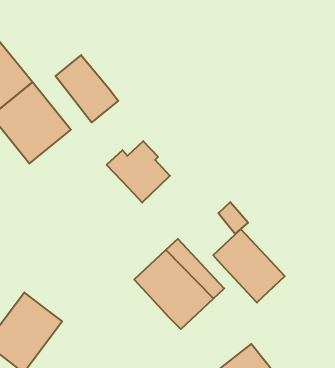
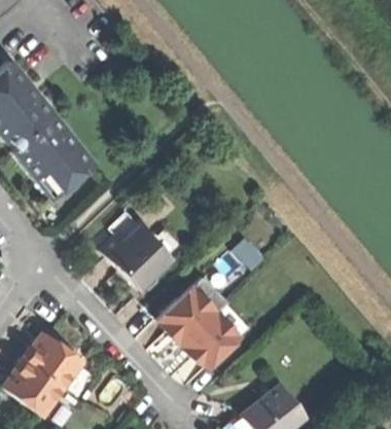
building: [55,55,118,122] -> none
building: [107,141,170,203] -> [104,225,170,289]
building: [213,229,285,303] -> none

